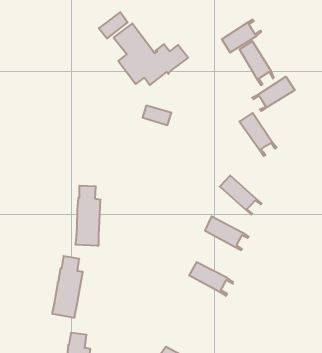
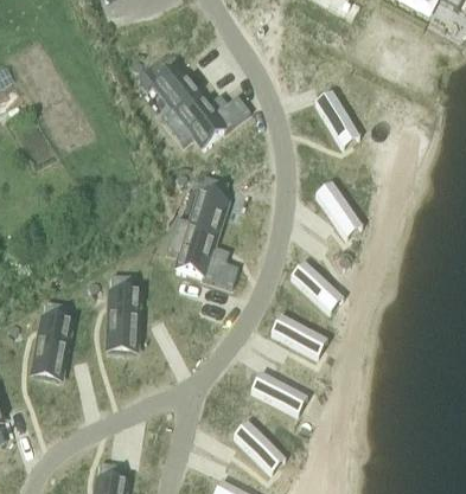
building: [222,19,261,53] -> none
building: [252,77,295,111] -> none
building: none -> [166,194,238,287]
building: [52,256,83,318] -> [32,301,71,379]
building: none -> [234,421,286,473]

